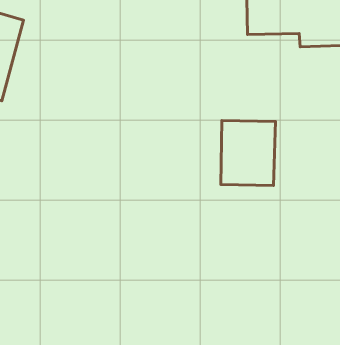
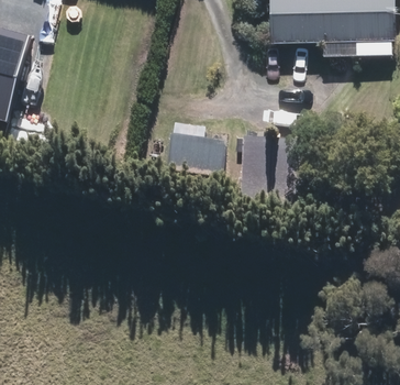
building: none -> [165,133,226,175]

